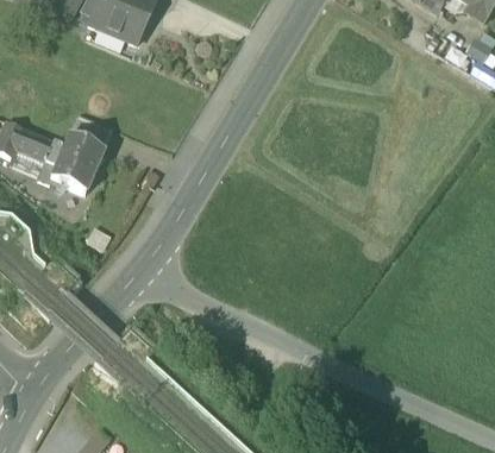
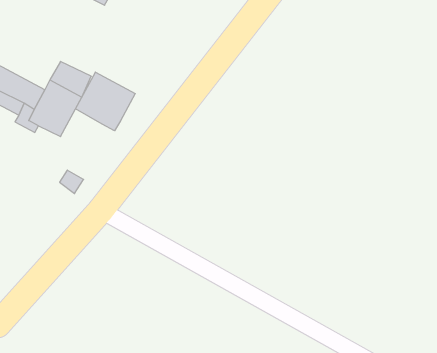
building: none -> [76,72,135,131]

